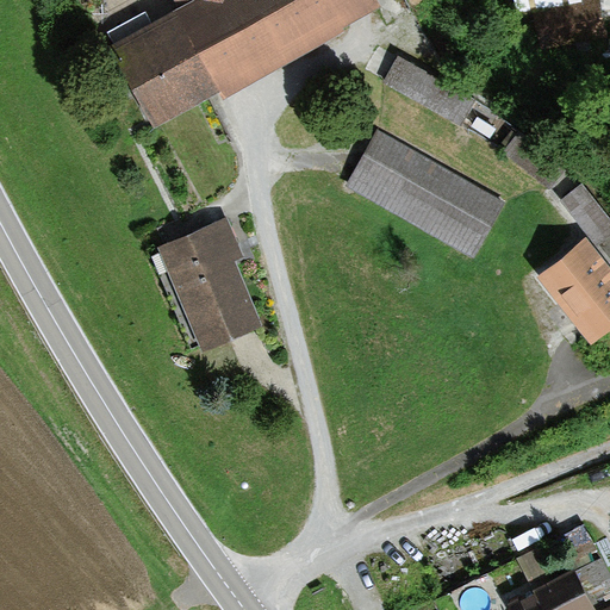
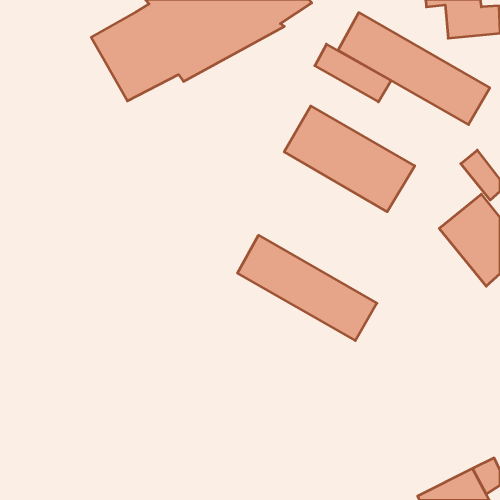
building: none -> [338,13,490,125]
building: [157,217,261,350] -> none
building: none -> [238,235,377,341]

